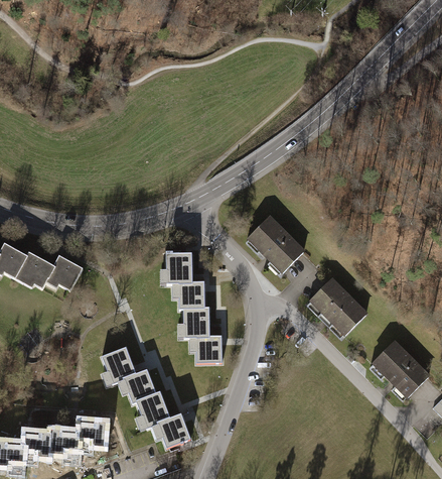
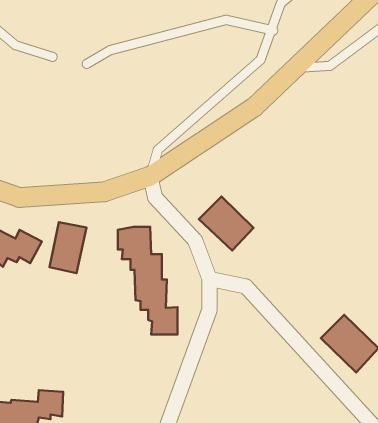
building: none -> [50,222,87,273]
building: [309,282,364,338] -> none
building: [98,345,191,446] -> none

